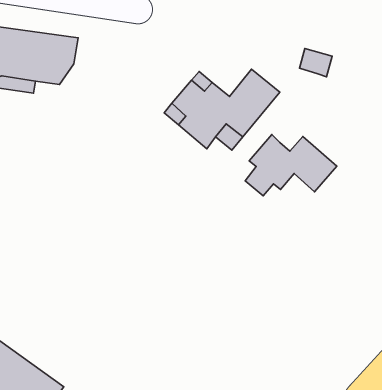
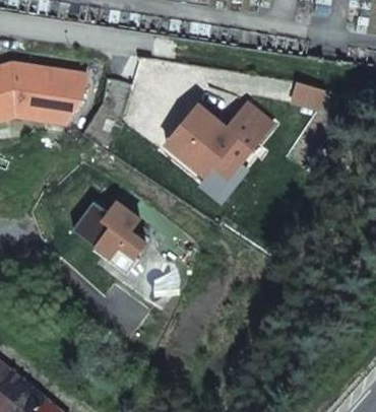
building: [245,134,337,196] -> none
building: none -> [72,202,144,275]

